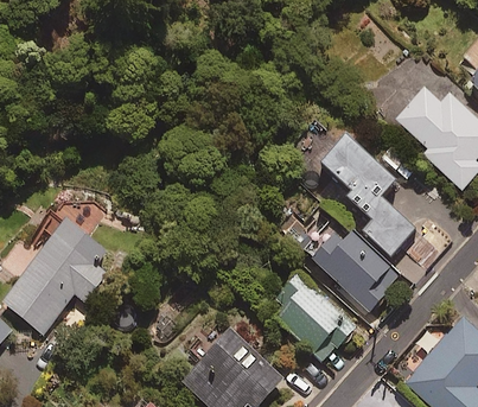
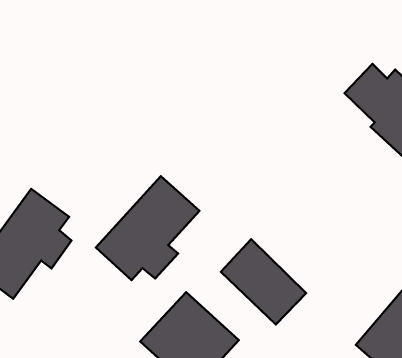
building: [317,132,414,255] -> none
building: none -> [96,176,200,280]
building: [301,221,401,310] -> none

